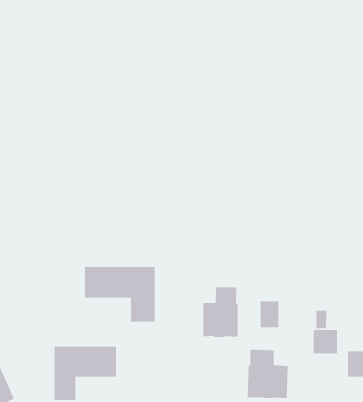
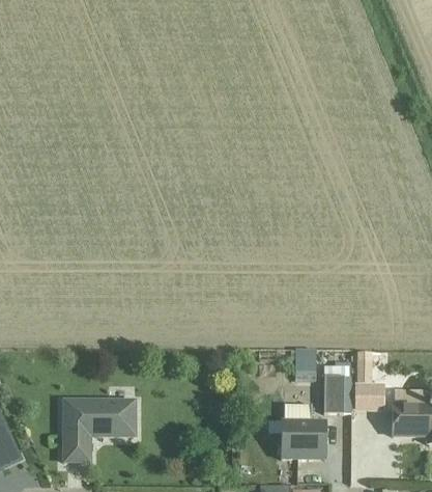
building: [84,266,156,322] -> none
building: [203,286,239,338] -> none
building: none -> [323,376,350,412]

